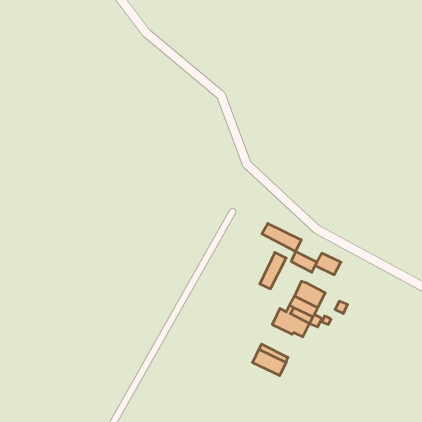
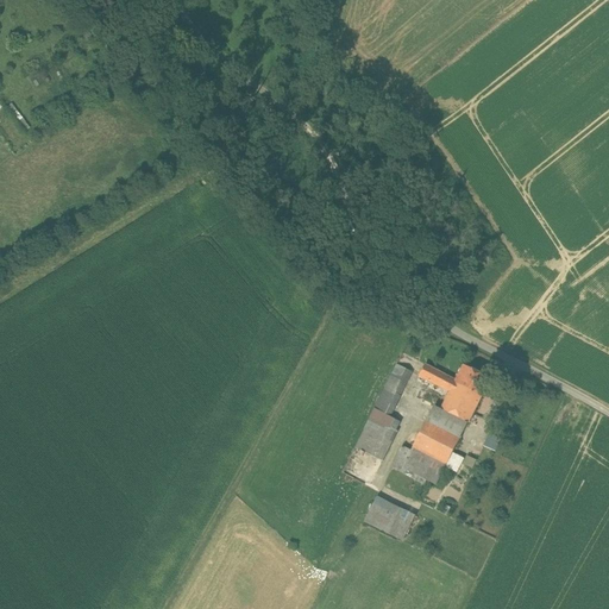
building: [262,223,301,252] -> none
building: none -> [440,382,481,421]
building: none -> [354,408,398,459]

